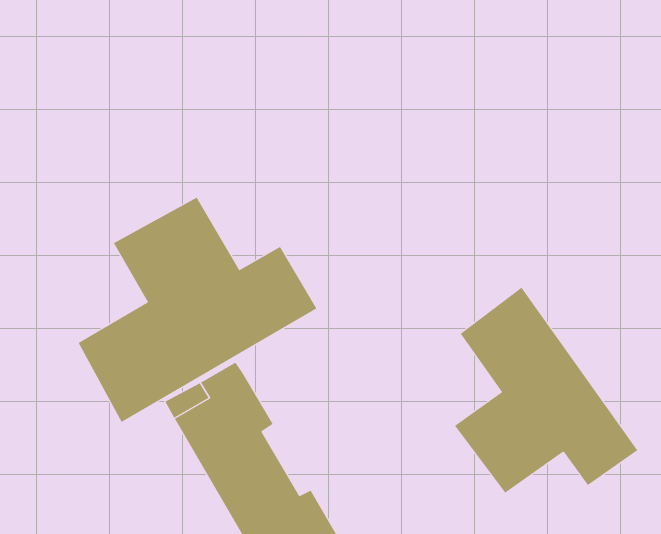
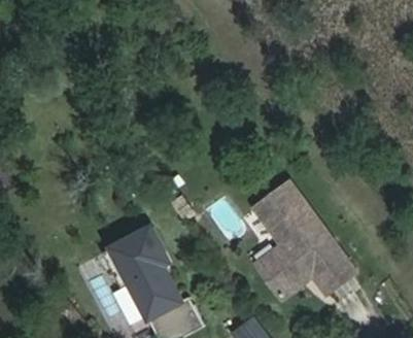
building: [78,197,317,423] -> none

